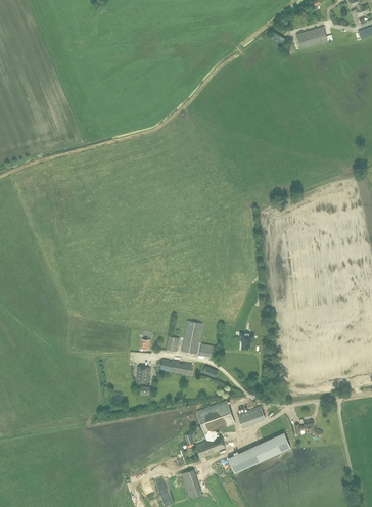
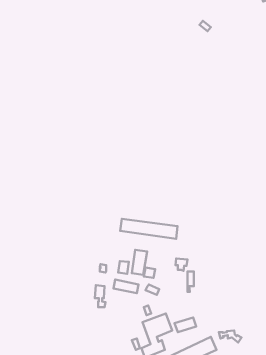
building: [295,26,327,49] -> none
building: none -> [120,219,178,239]

